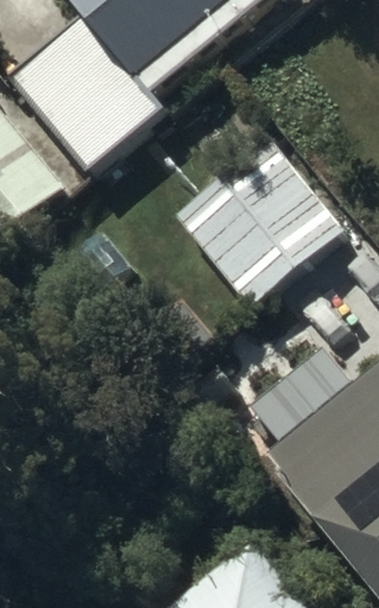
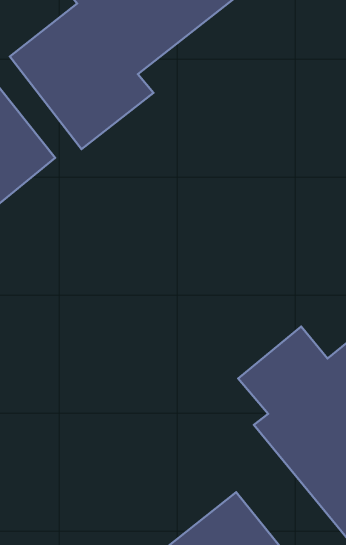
building: [172,134,347,309] -> none

